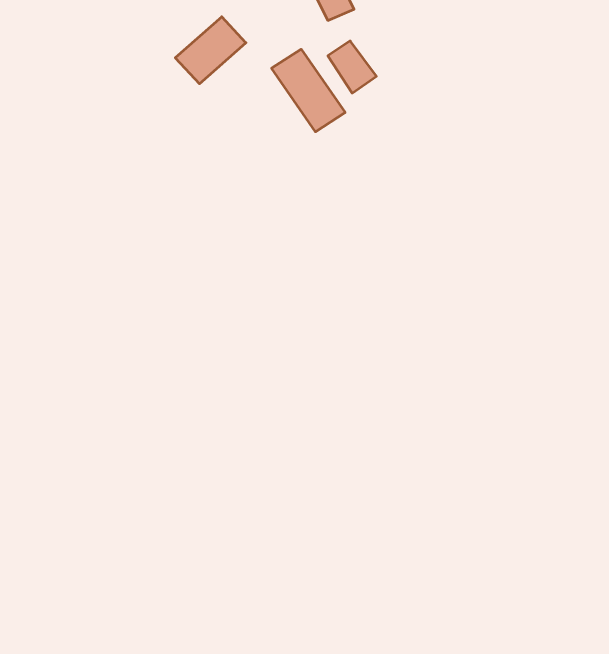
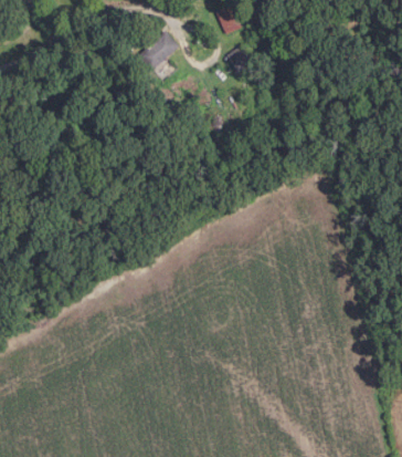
building: [272,49,345,132] -> none

